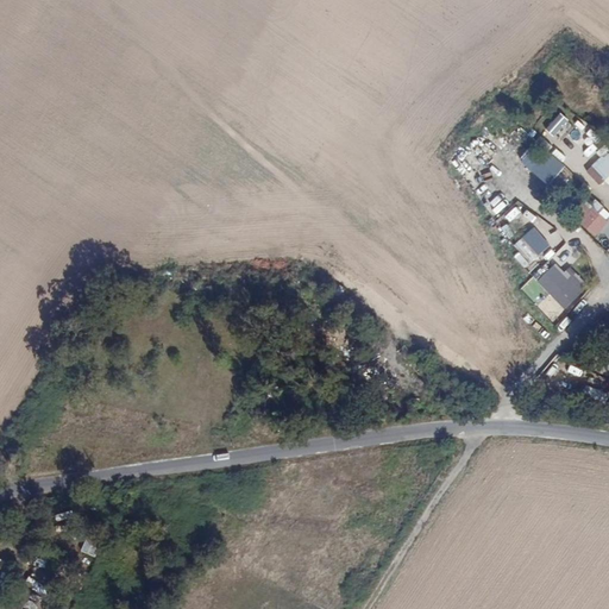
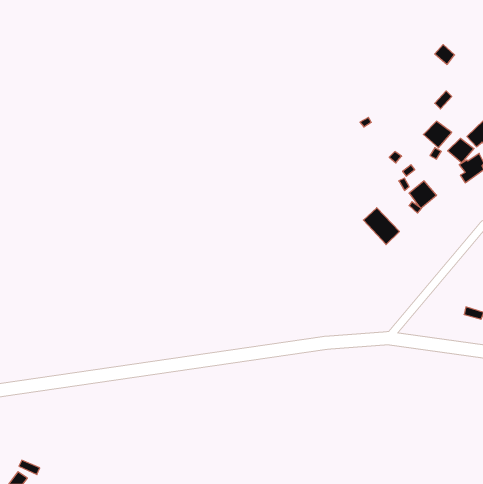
building: none -> [448,138,474,163]
building: [538,264,583,310] -> [363,208,399,245]

